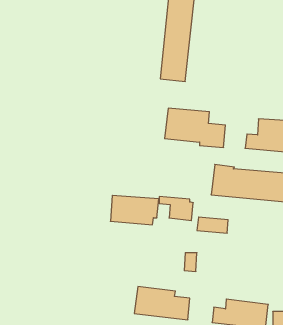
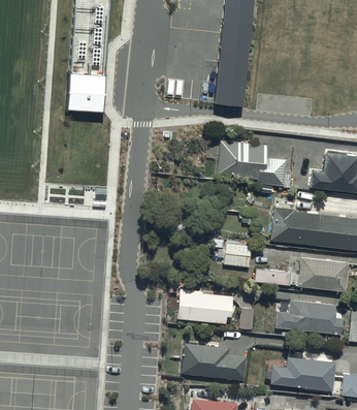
building: none -> [66,74,105,114]
building: [110,195,159,225] -> [178,289,234,323]
building: none -> [299,258,349,289]
building: none -> [277,301,345,334]

